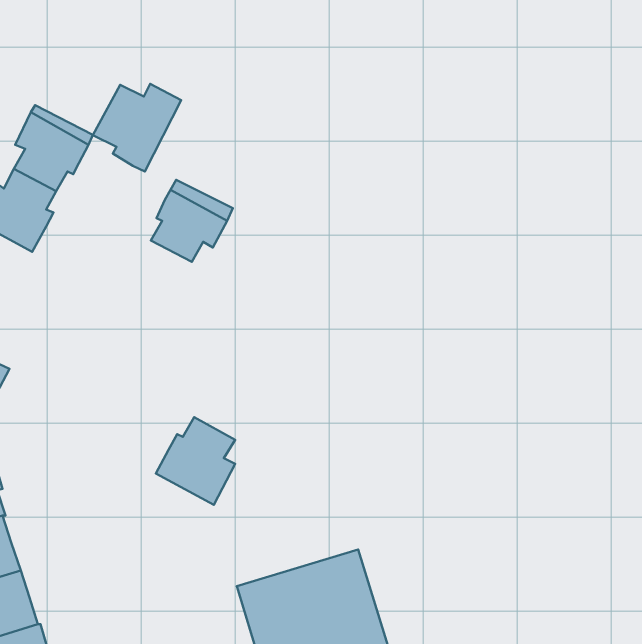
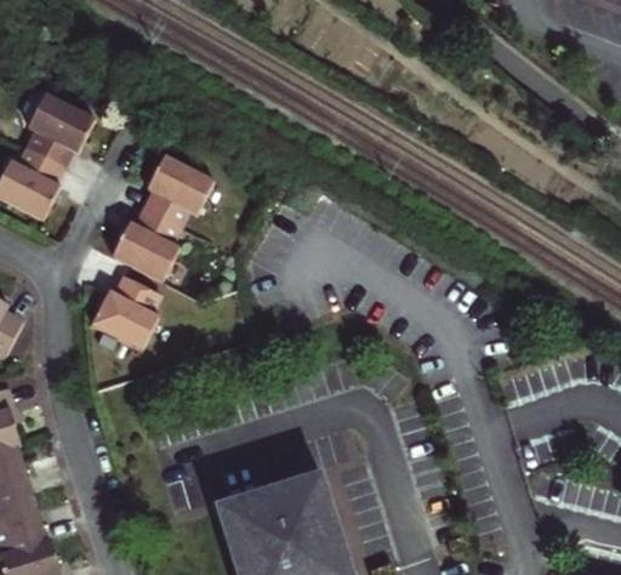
building: [93,84,181,172] -> none
building: none -> [113,207,180,281]
building: [156,417,235,505] -> [92,275,160,351]

